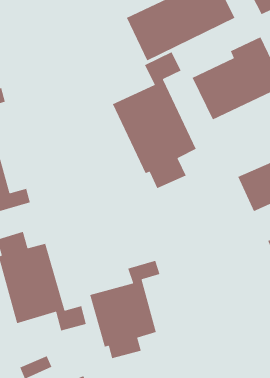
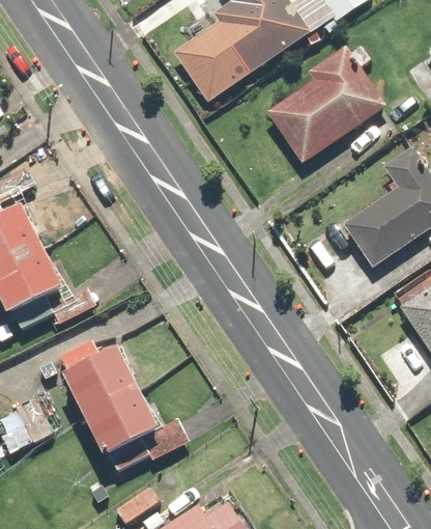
building: [112,51,197,189] -> none
building: [89,260,161,359] -> none

